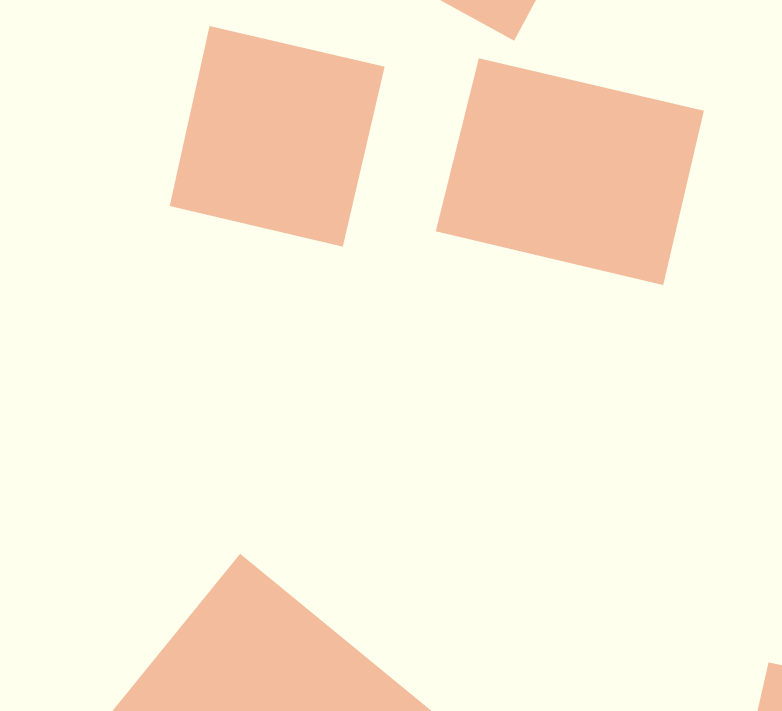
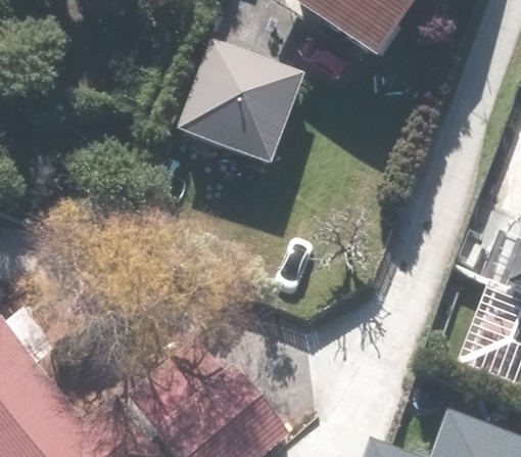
building: [435,57,705,286] -> none

